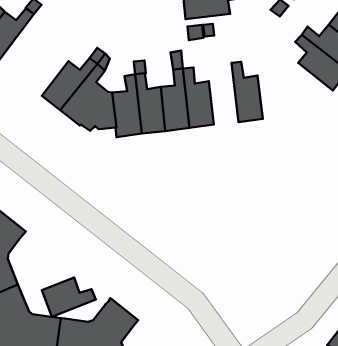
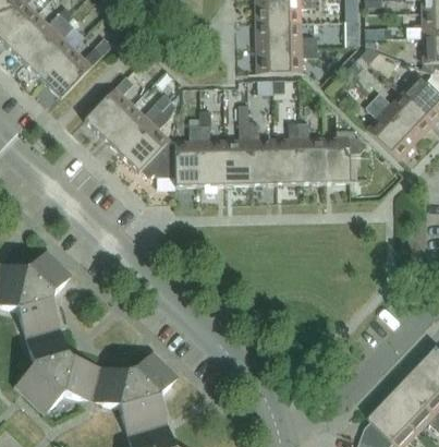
building: none -> [84,74,133,136]
building: none -> [273,121,300,182]
building: none -> [324,135,367,181]
building: [42,278,96,317] -> none

